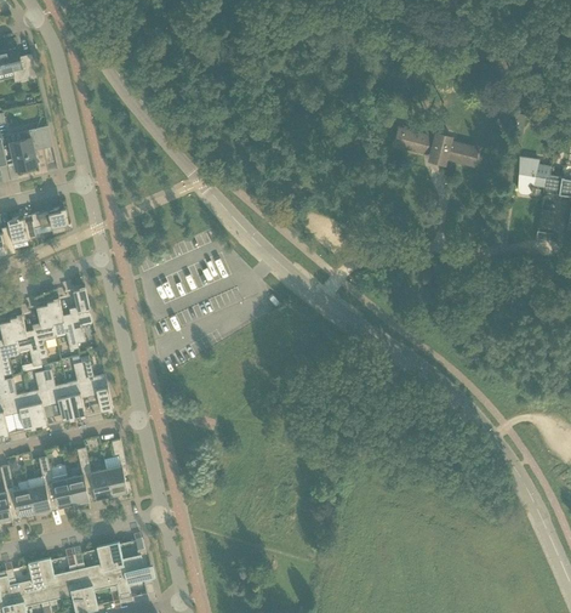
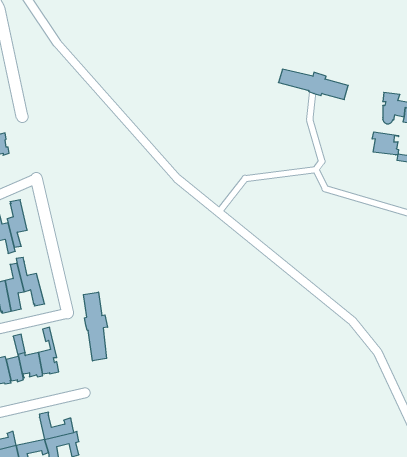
building: none -> [372,132,399,155]
building: none -> [83,292,108,361]
building: [74,543,112,580] -> none

